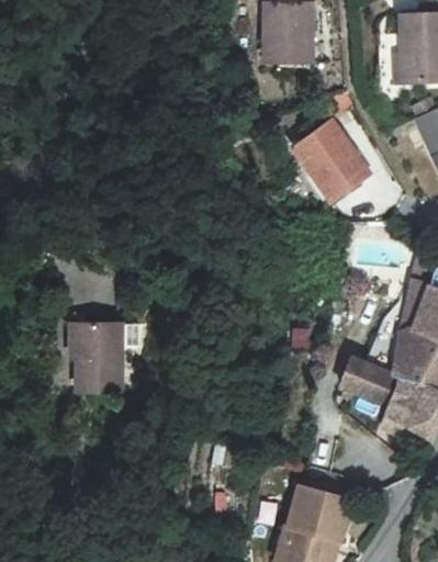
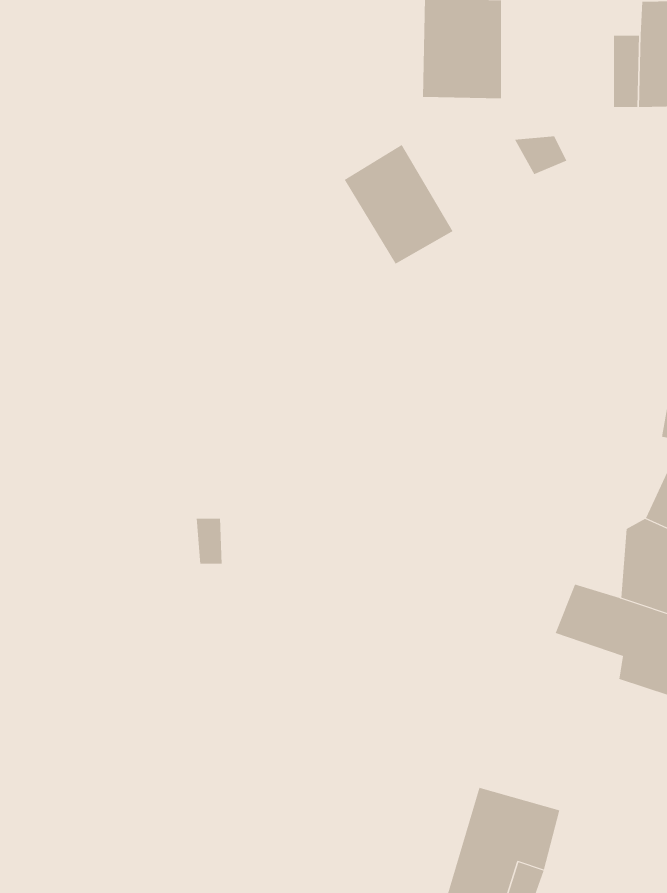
building: [295,120,363,194] -> [344,144,453,265]
building: [69,326,124,393] -> none

